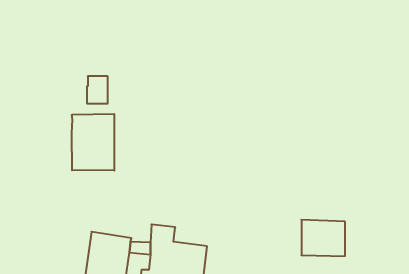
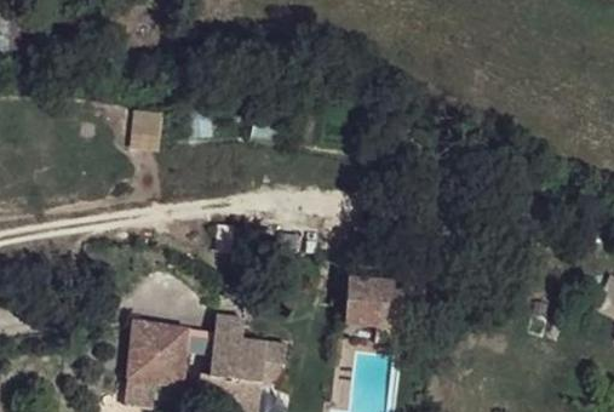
building: [72,114,114,171] -> none
building: [301,220,345,256] -> [345,277,403,326]

